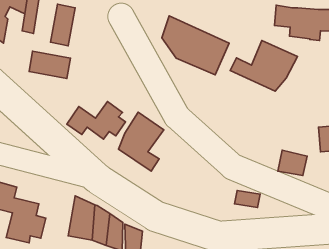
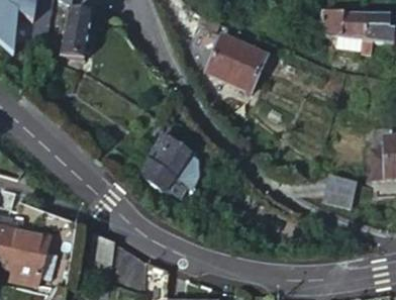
building: [230,40,297,91] -> none
building: [29,51,71,78] -> none
building: [67,101,126,139] -> none

